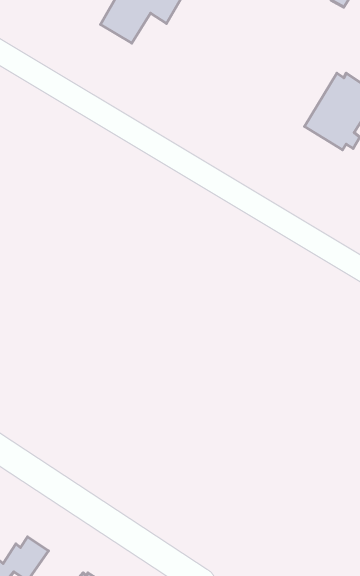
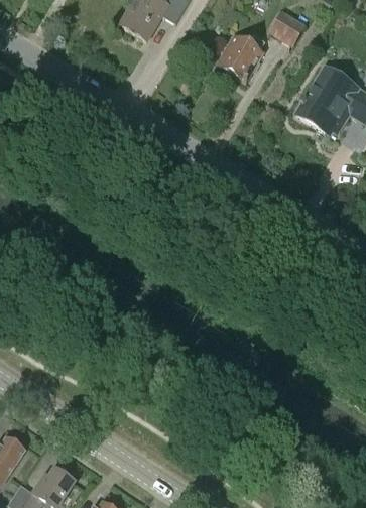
building: none -> [268,10,304,45]
building: none -> [218,33,264,80]

